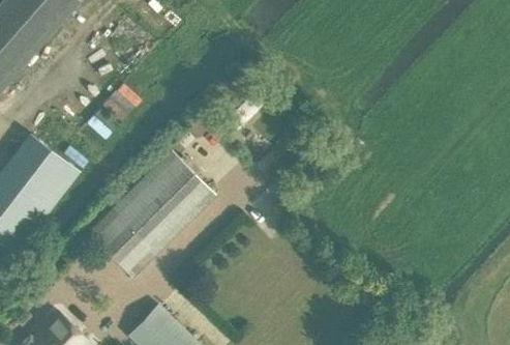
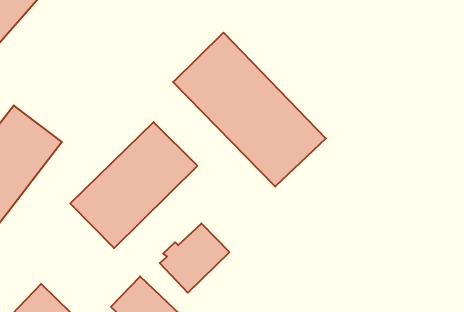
building: none -> [173,33,326,187]
building: none -> [160,223,229,293]

